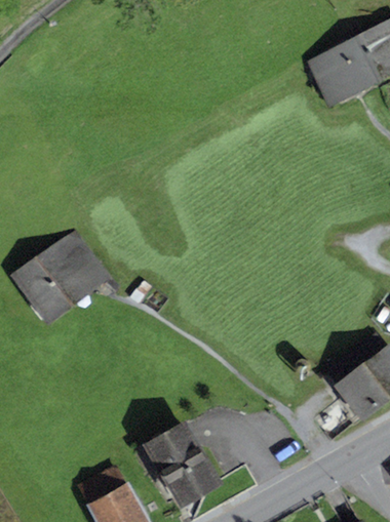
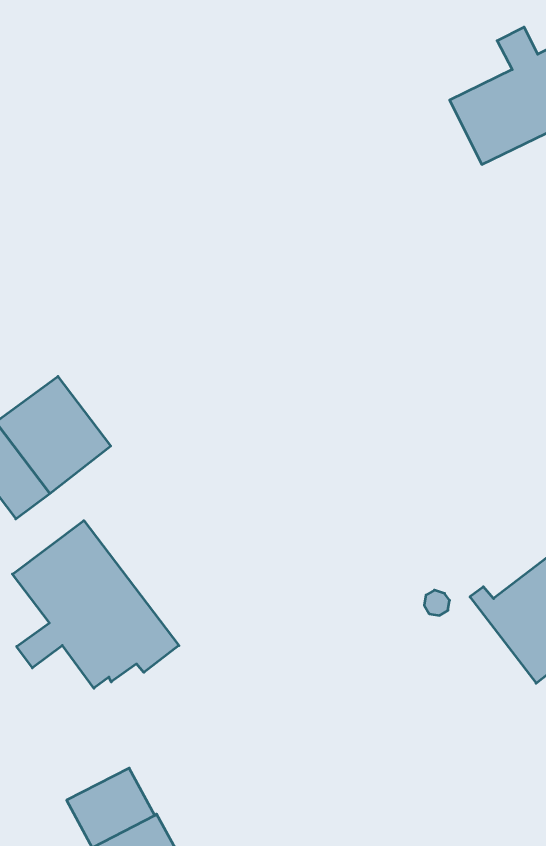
building: none -> [12,521,179,688]
building: [149,429,217,506] -> none

